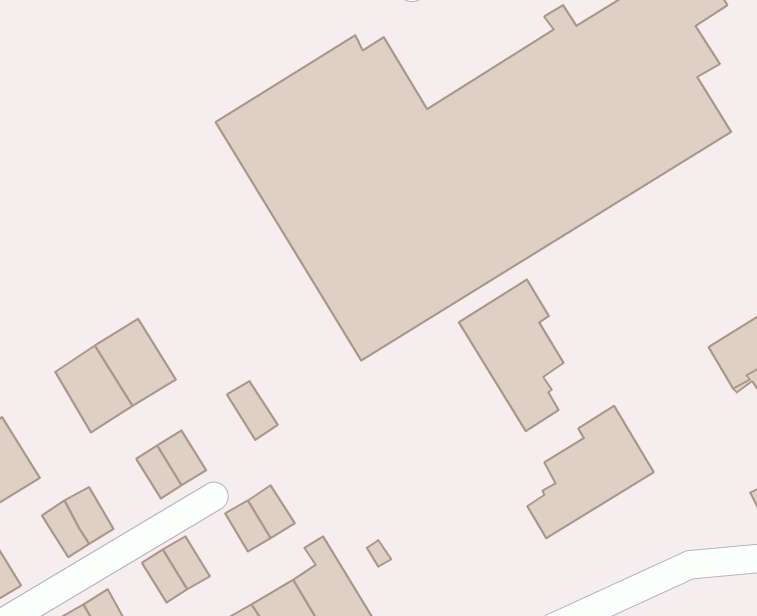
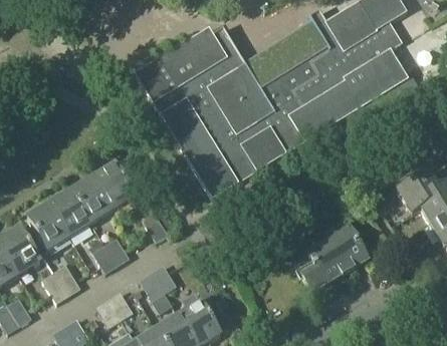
building: [459,279,564,431] -> none
building: none -> [93,162,135,208]
building: none -> [28,204,68,248]

